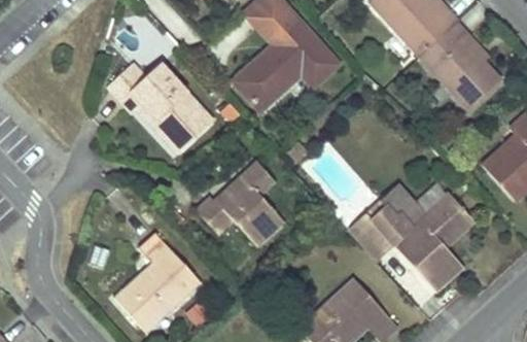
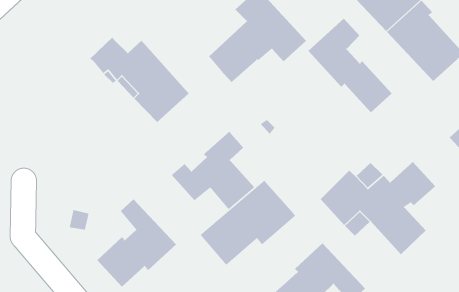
building: none -> [308,18,392,113]
building: none -> [200,180,296,266]

